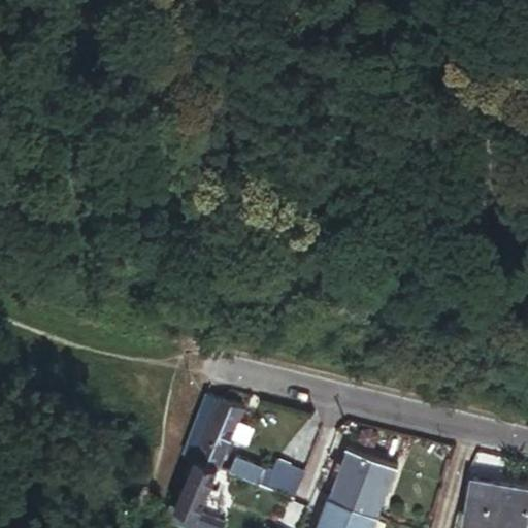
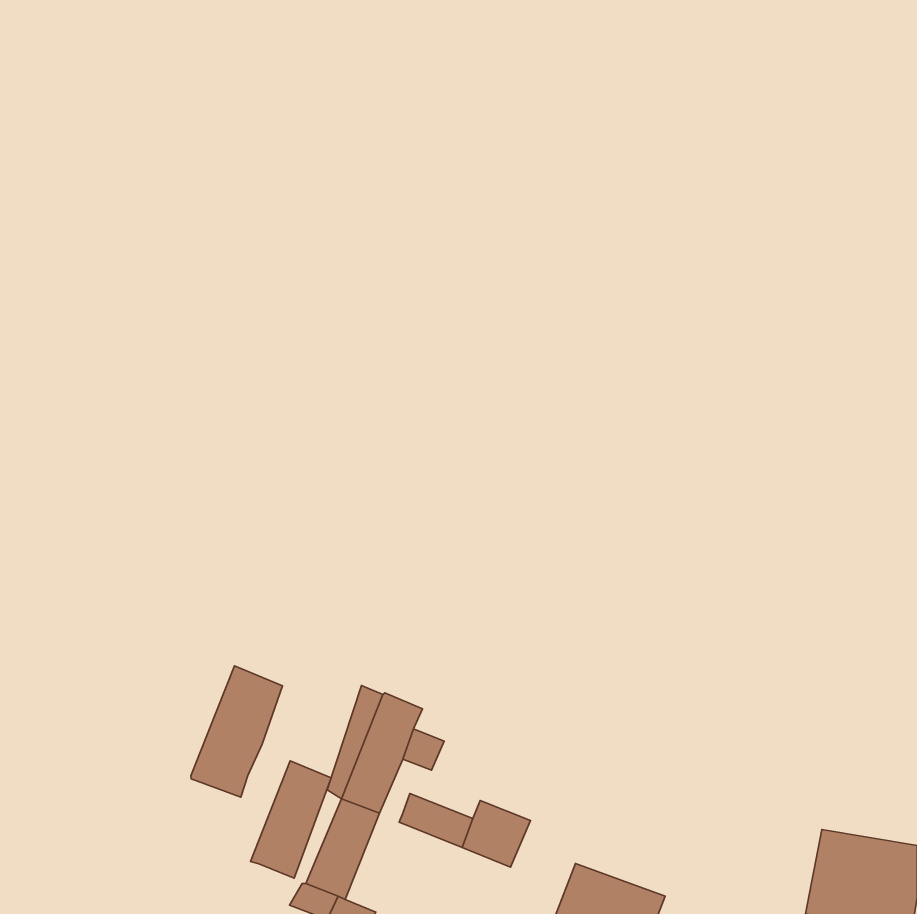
building: none -> [191,666,283,797]
building: none -> [250,761,331,878]
building: [330,450,398,517] -> none

